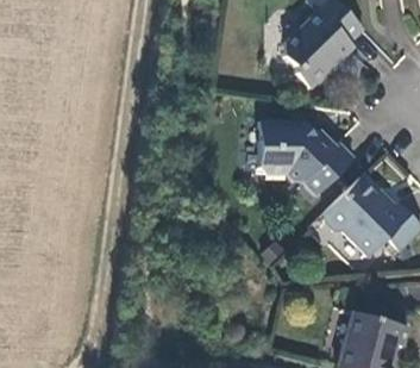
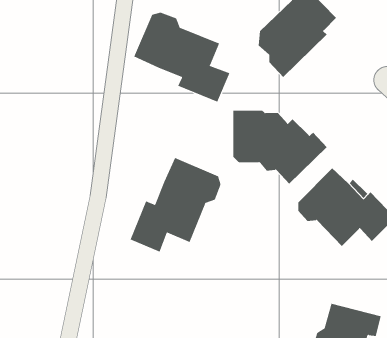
building: none -> [134,12,230,102]
building: none -> [130,157,221,253]

